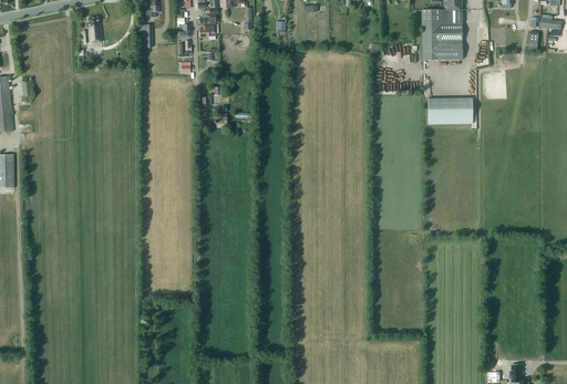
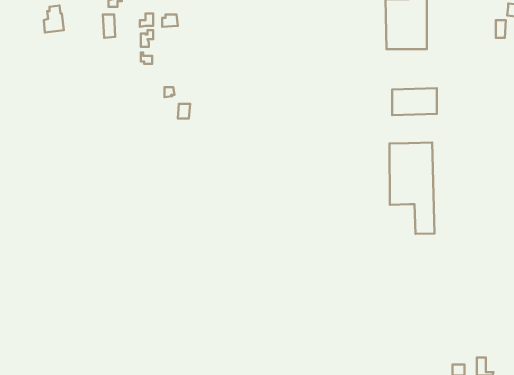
building: none -> [389,143,434,234]

